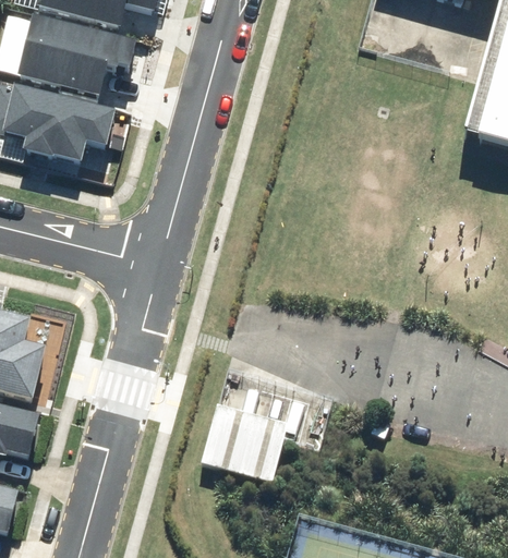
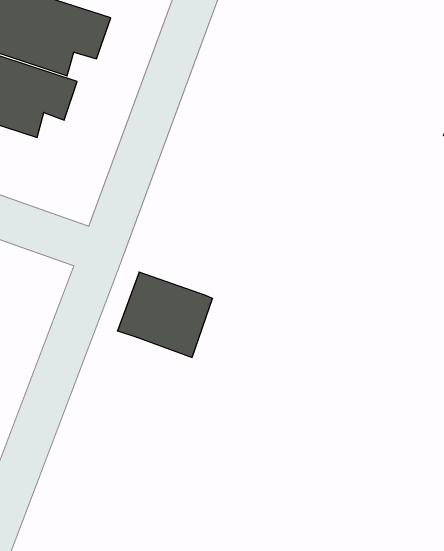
building: [199,405,286,481] -> [117,272,213,357]

